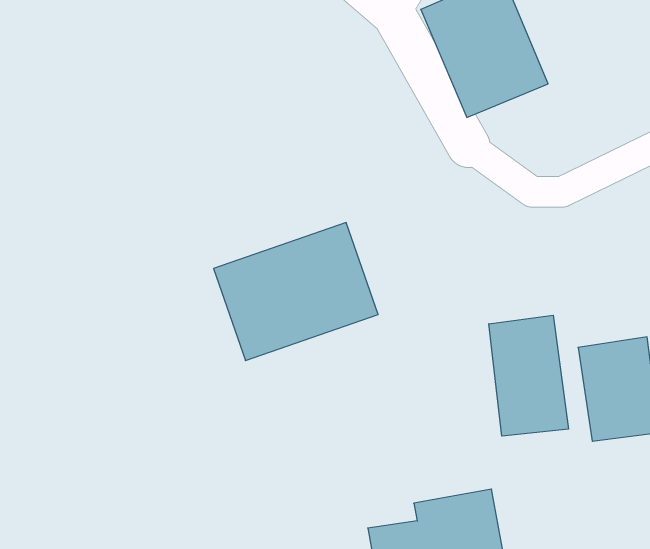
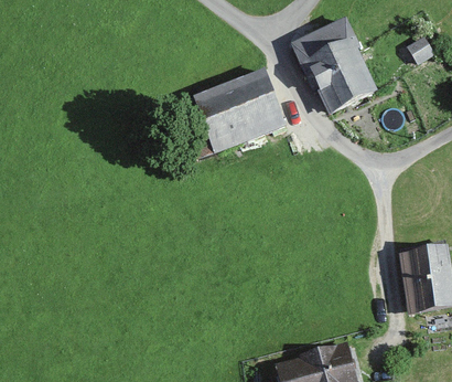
building: [214,223,378,361] -> [183,71,286,157]
building: [489,315,568,436] -> none

